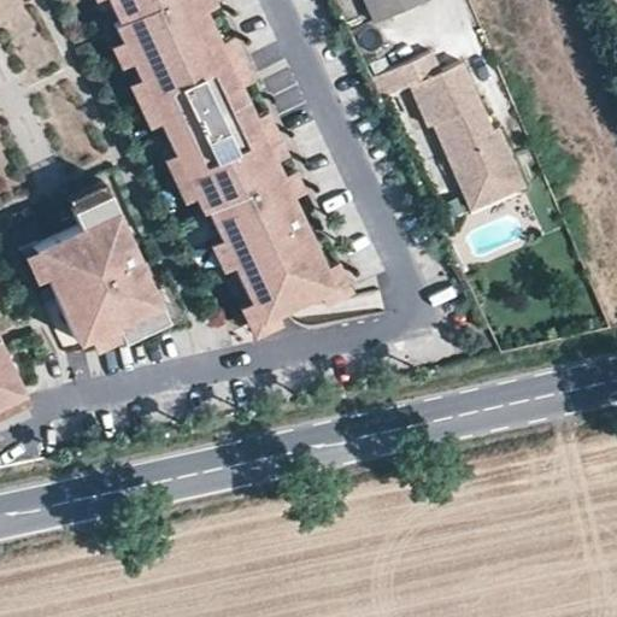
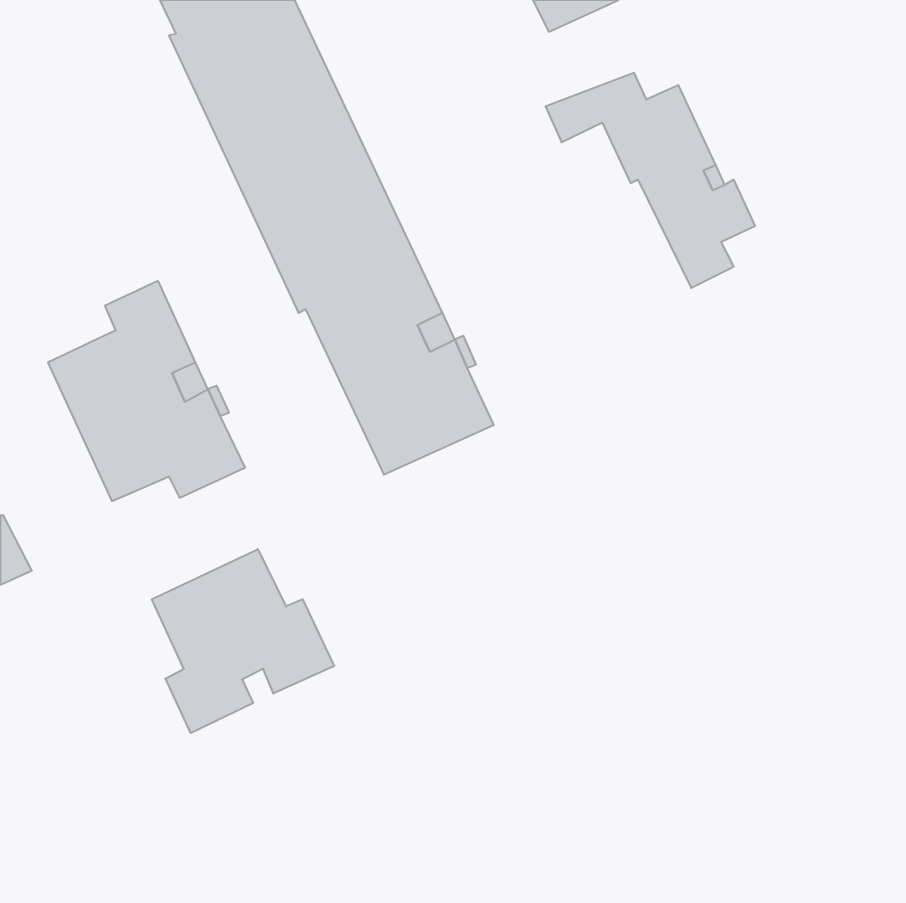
building: [470,157,527,208] -> none
building: none -> [152,549,334,733]

